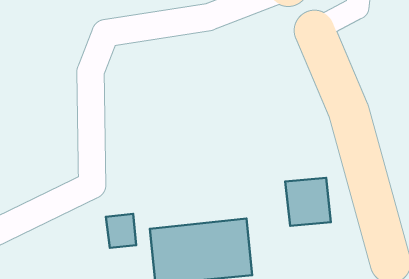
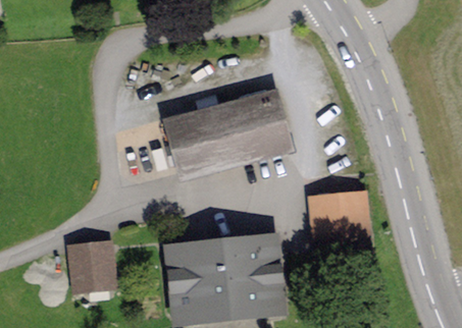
building: none -> [172,97,279,164]
building: [106,214,136,248] -> [73,243,106,280]

